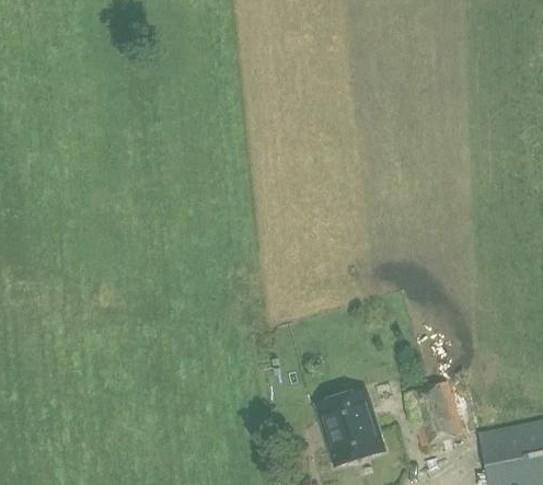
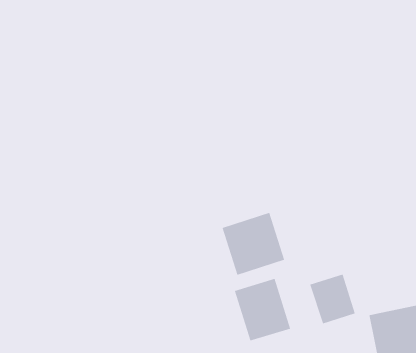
building: none -> [222,212,285,276]

